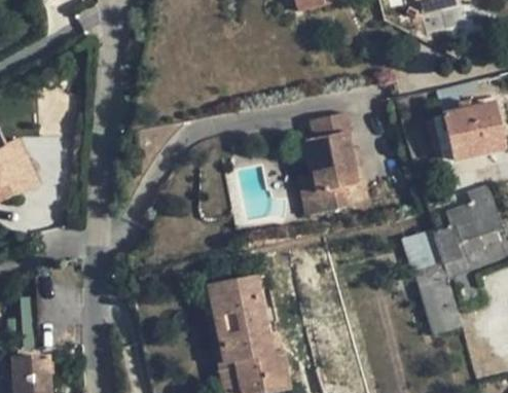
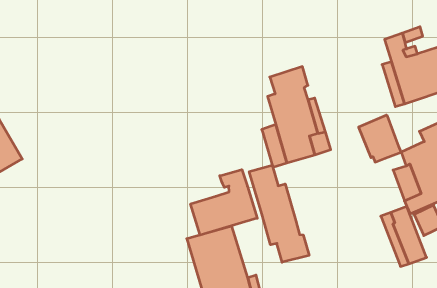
building: none -> [249,165,309,262]
building: none -> [191,170,257,235]
building: [403,229,446,279] -> [359,115,401,162]

